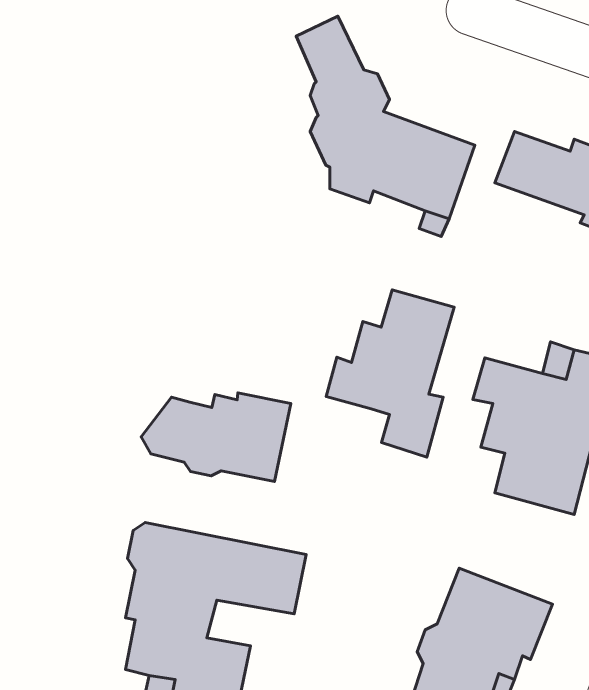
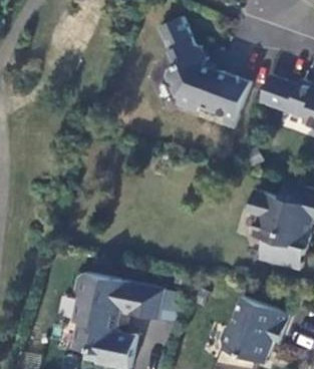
building: [326,290,454,457] -> none
building: [141,393,291,481] -> none

